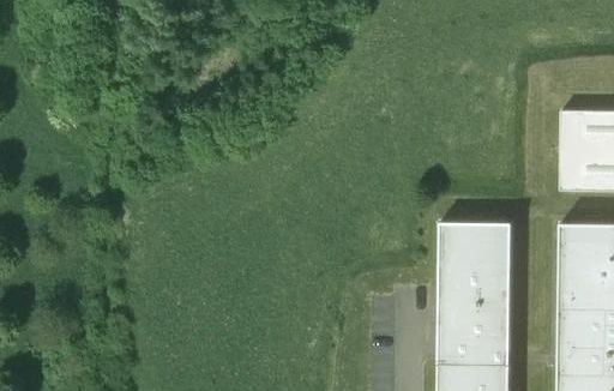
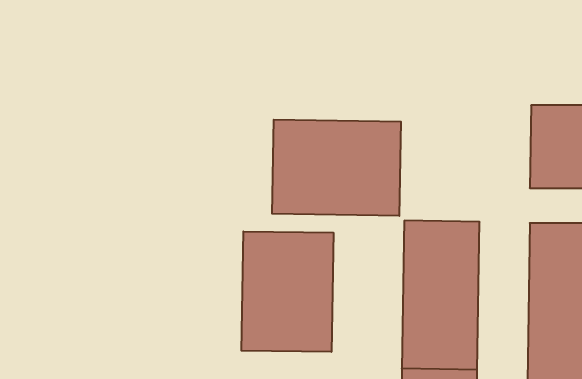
building: none -> [272,120,401,216]
building: none -> [241,231,333,352]

